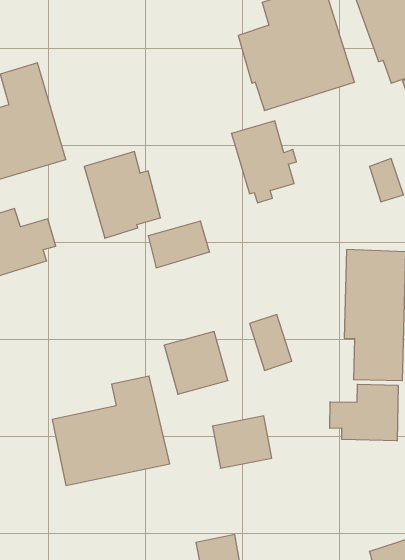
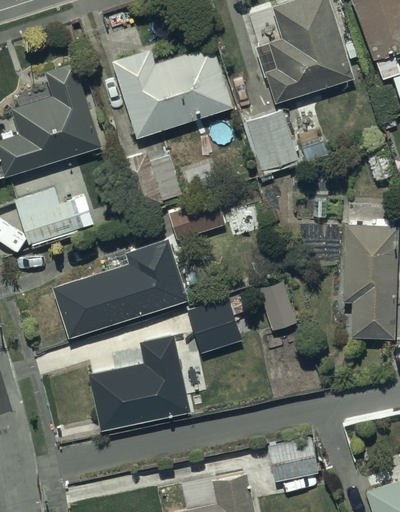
building: none -> [113,46,232,139]
building: none -> [52,239,188,337]
building: [330,384,398,441] -> none
building: [212,416,272,468] -> [267,437,319,483]

